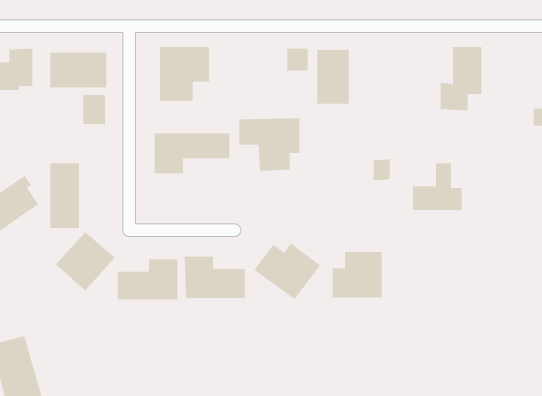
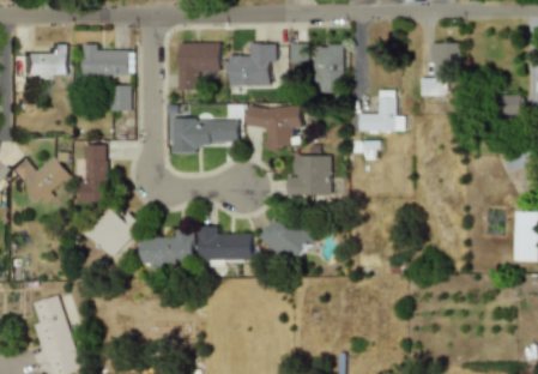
building: none -> [228,44,274,86]
building: [412,163,463,211] -> [359,91,404,133]
building: [332,251,382,298] -> [286,156,331,197]

